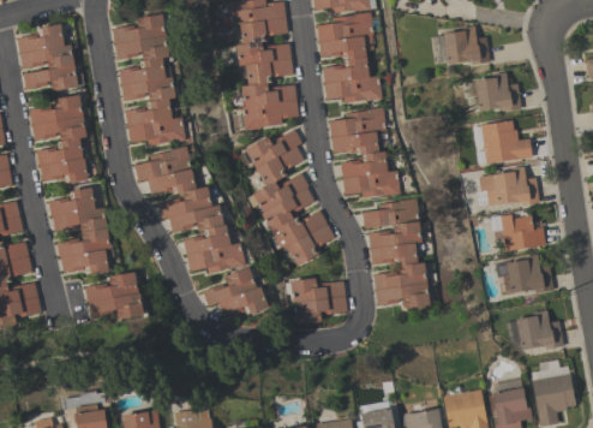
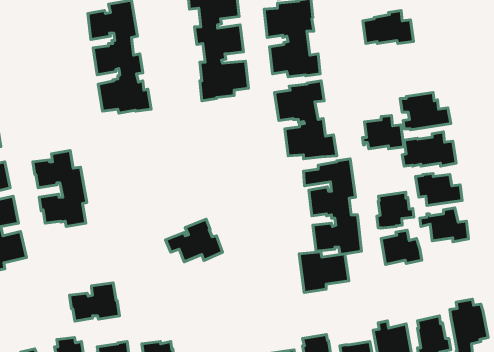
building: [16,23,83,90] -> none
building: [472,72,520,111] -> [362,116,404,149]
building: [28,94,88,183] -> none
building: [244,129,334,266] -> none
building: [133,145,245,273] -> none
building: none -> [377,192,414,228]
building: [84,272,142,316] -> [70,283,119,321]
building: [289,278,347,325] -> [299,252,349,292]
building: [516,310,563,350] -> [381,230,422,264]

